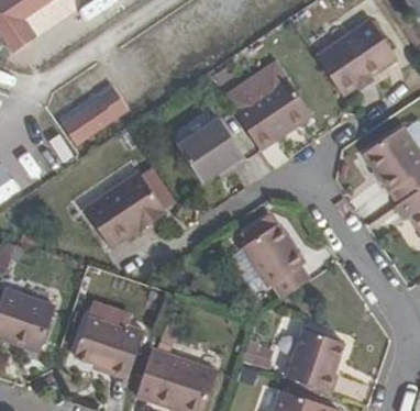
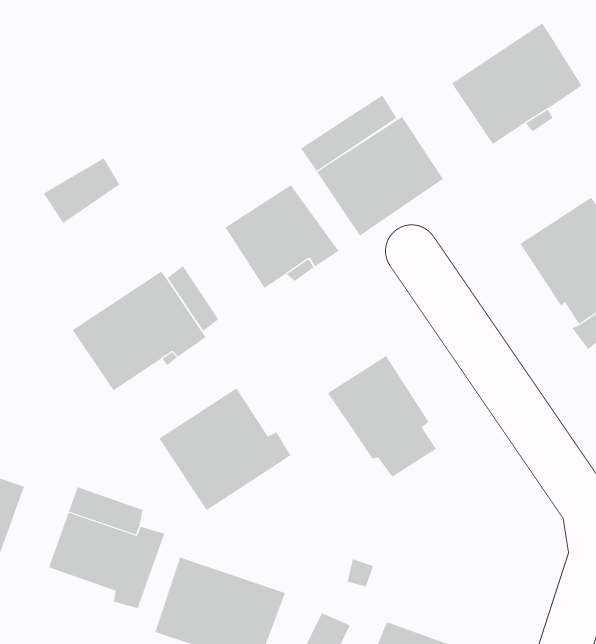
building: none -> [159,388,291,511]
building: [284,324,343,391] -> none

